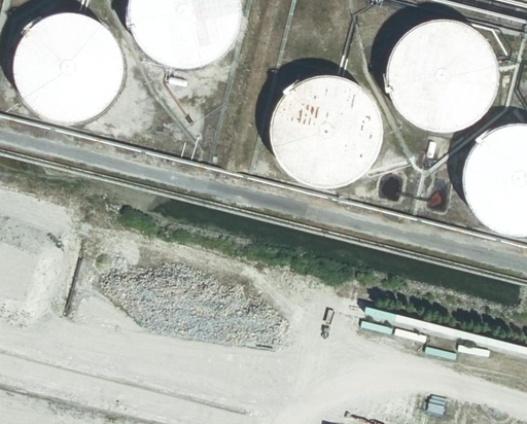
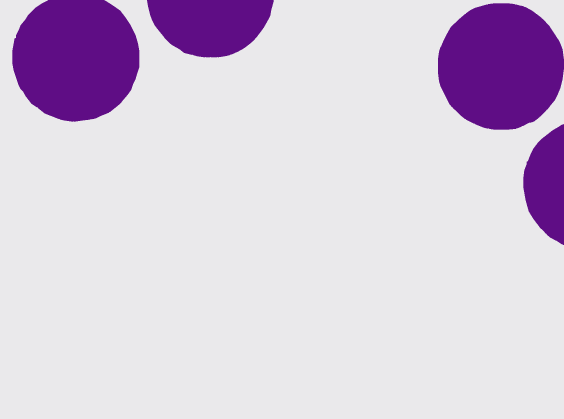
building: [271,73,386,188] -> none

